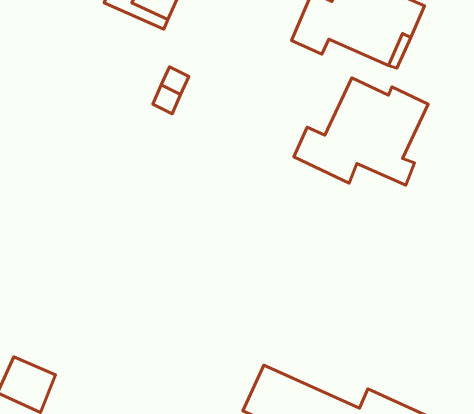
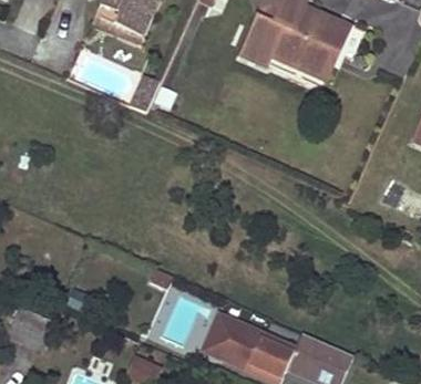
building: [294,78,428,185] -> none

